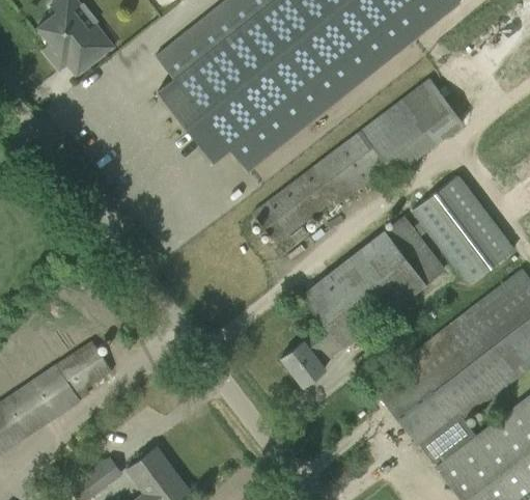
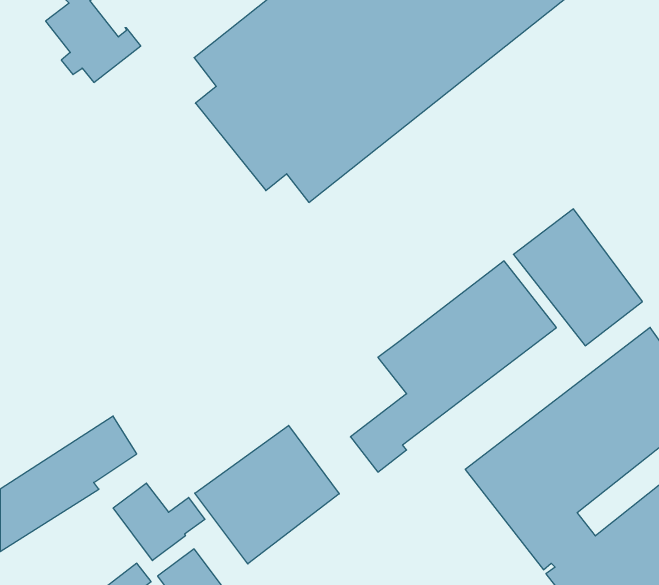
building: [254,80,464,243] -> none
building: none -> [195,425,339,564]
building: none -> [113,483,205,561]

